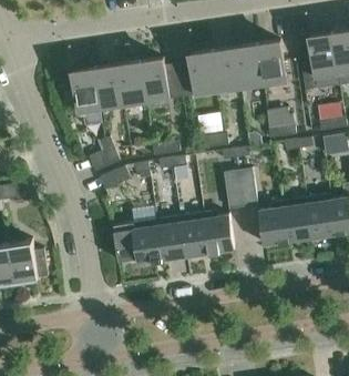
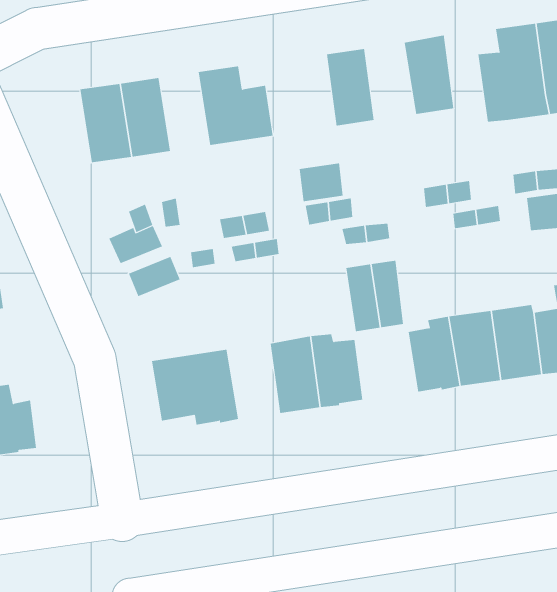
building: [235,45,264,90] -> none
building: [178,52,218,99] -> none
building: [117,62,146,108] -> none
building: [156,217,186,261] -> none

